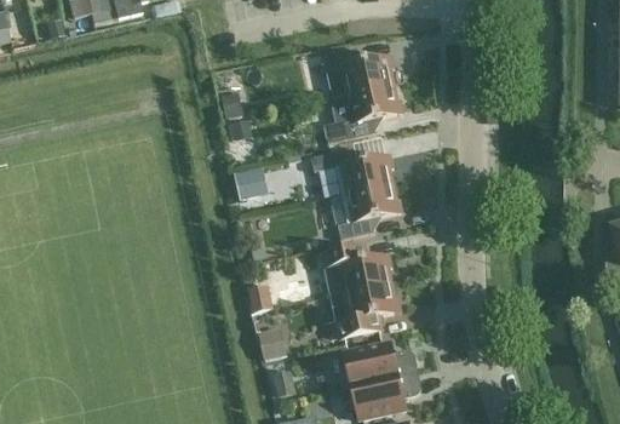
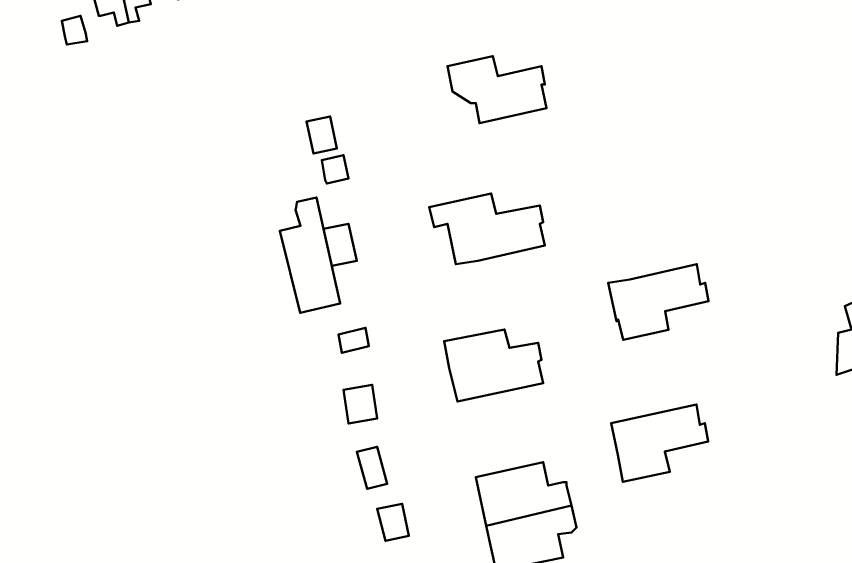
building: [325,84,404,142] -> none
building: none -> [280,197,340,313]
building: [331,183,403,237] -> [608,264,709,340]
building: [332,282,402,338] -> [611,405,708,482]

